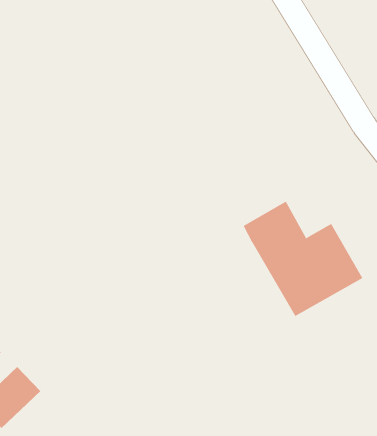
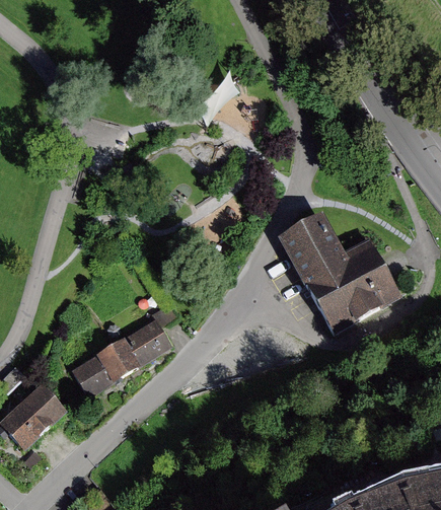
building: none -> [68,308,173,394]

